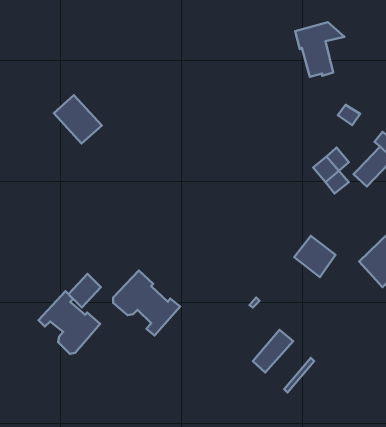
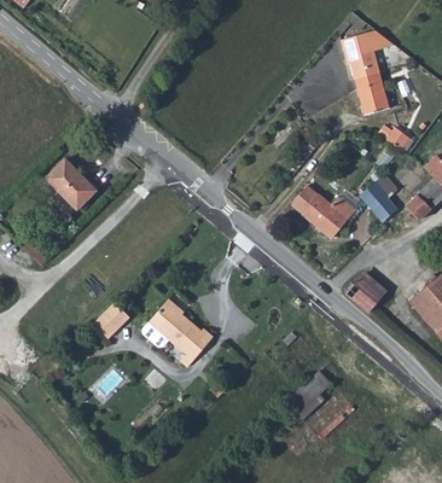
building: none -> [357,86,390,117]
building: [54,95,102,143] -> [42,157,94,209]
building: none -> [301,187,345,229]
building: [38,291,100,354] -> none

